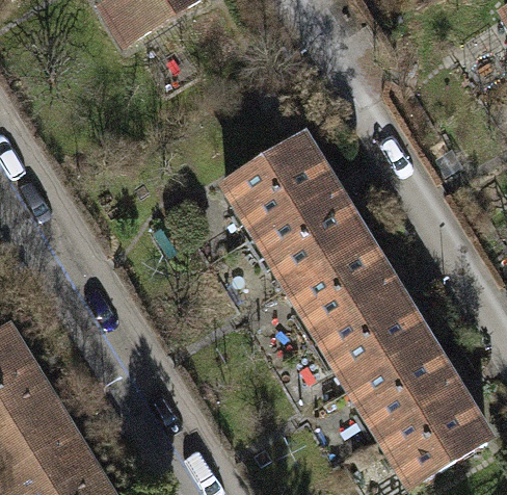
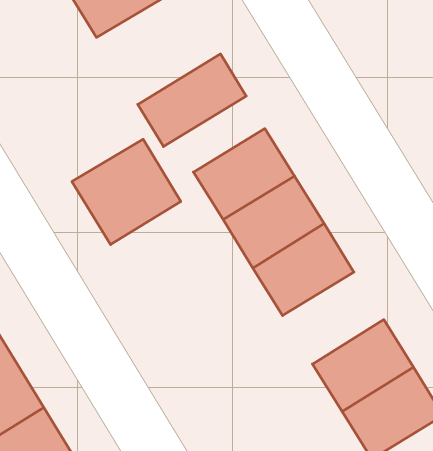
building: none -> [138,54,246,147]
building: none -> [72,139,181,245]
building: [320,287,426,384] -> none

